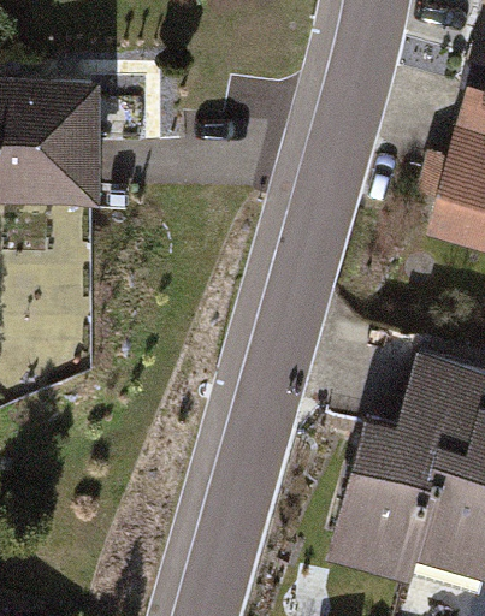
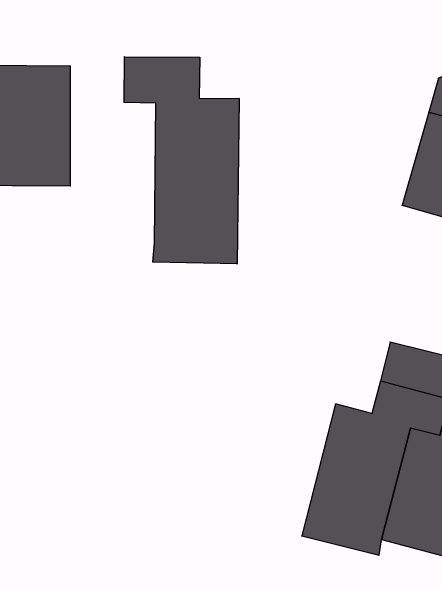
building: none -> [124,57,239,264]

